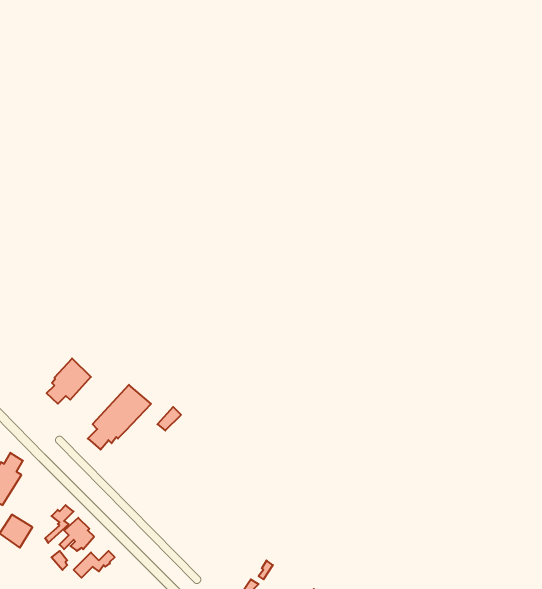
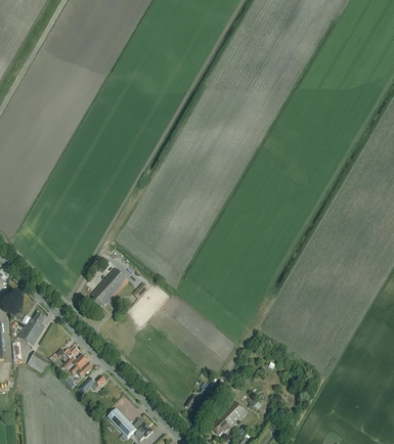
building: [47,358,91,404] -> none

